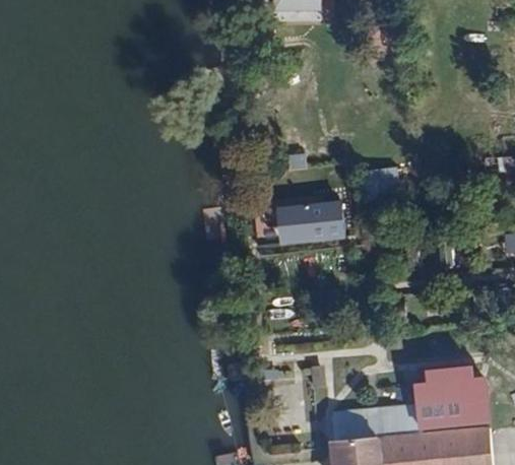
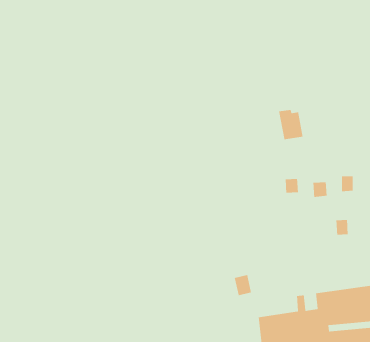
building: [291,207,342,239] -> none

